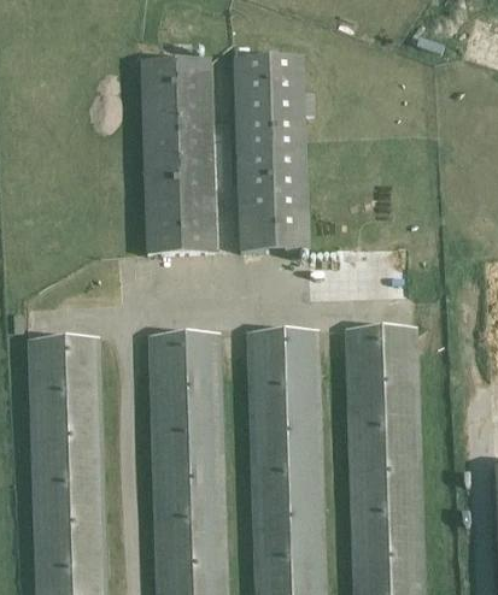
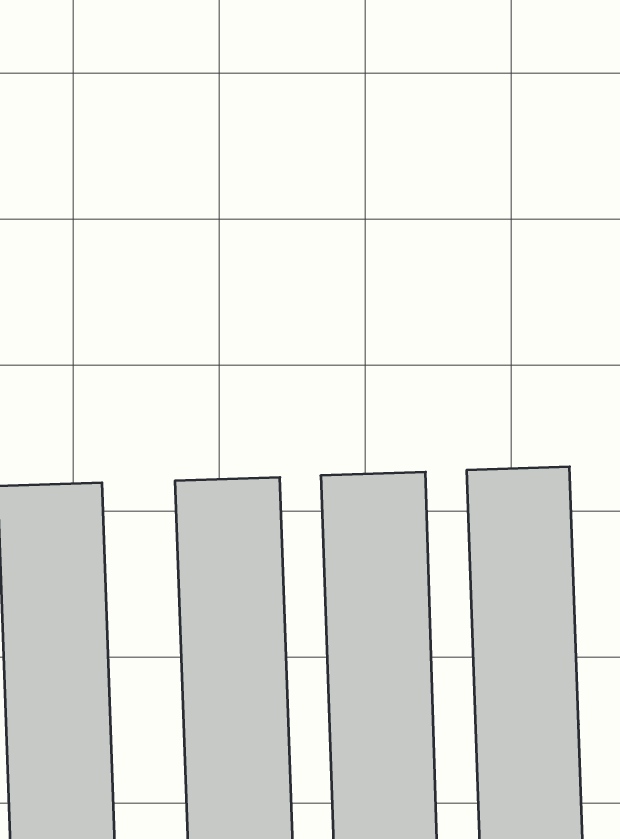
building: [232,52,314,249] -> none
building: [140,55,216,252] -> none

